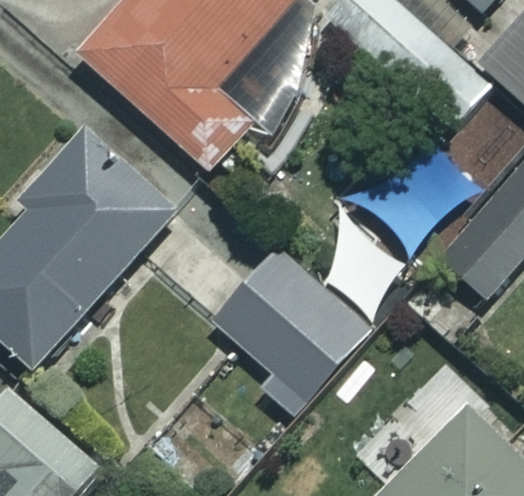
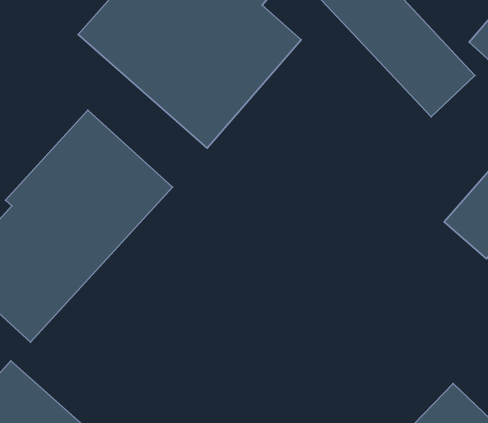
building: [217,252,366,399] -> none

